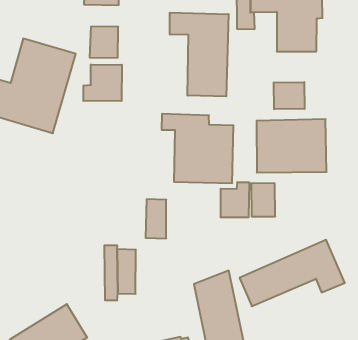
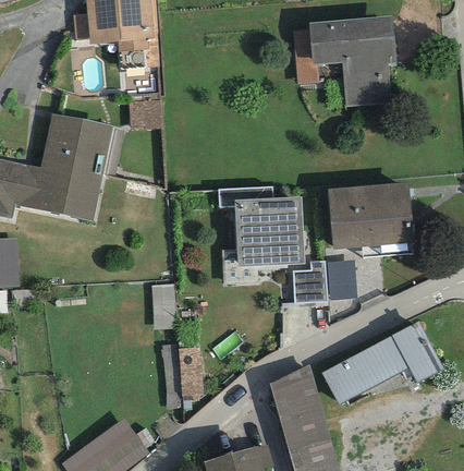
building: [170,13,229,96] -> none
building: [83,64,122,101] -> none
building: [274,82,305,109] -> none
building: [146,199,166,238] -> [151,286,178,331]

